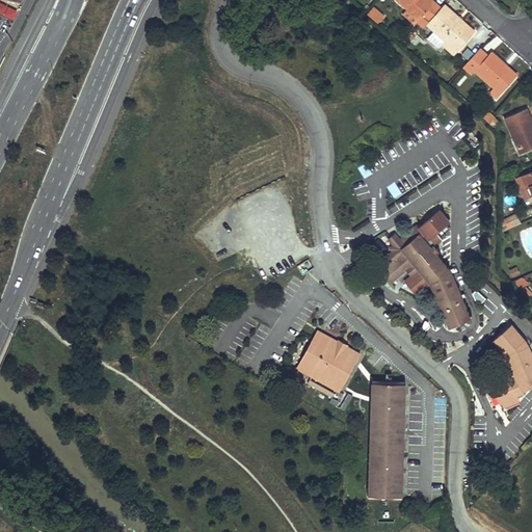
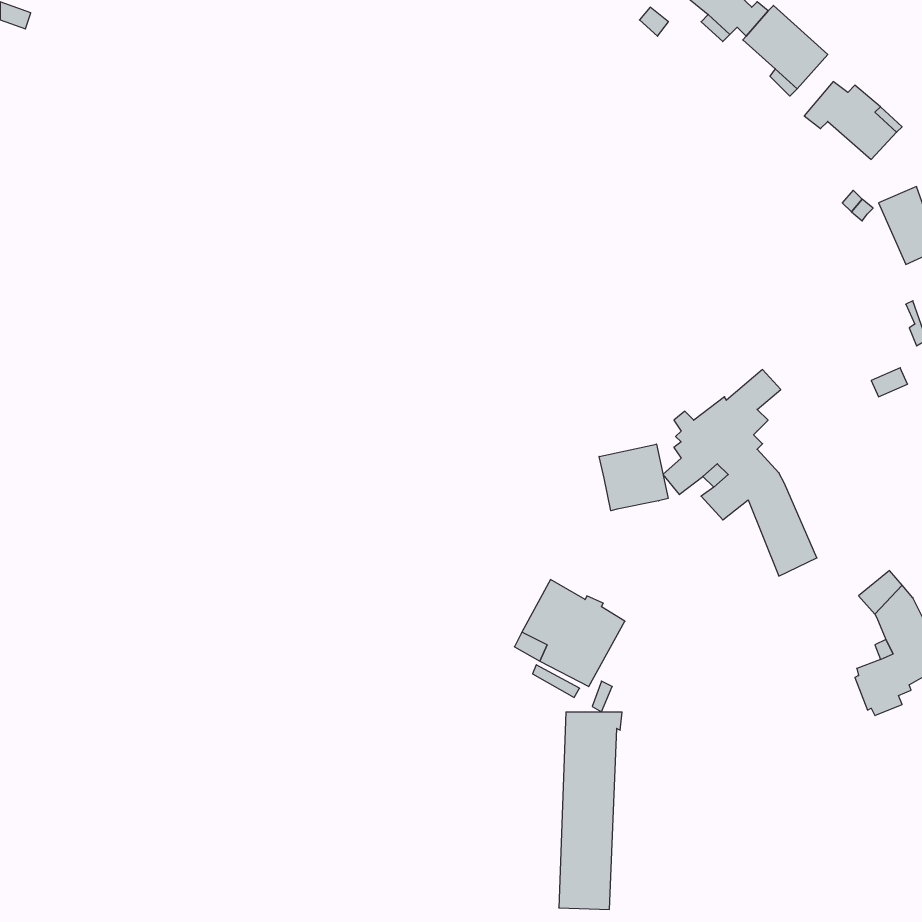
building: none -> [599,444,668,511]
building: [370,385,406,499] -> [559,712,622,909]

